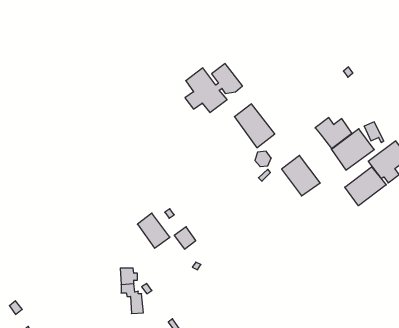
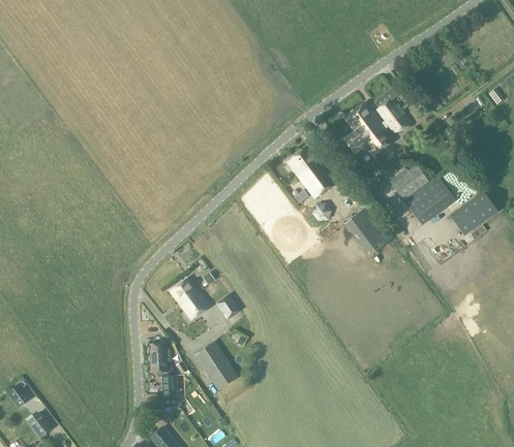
building: [185,64,242,113] -> [344,97,414,156]
building: [345,167,386,206] -> none
building: none -> [194,341,239,390]

